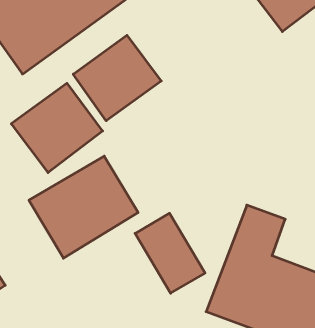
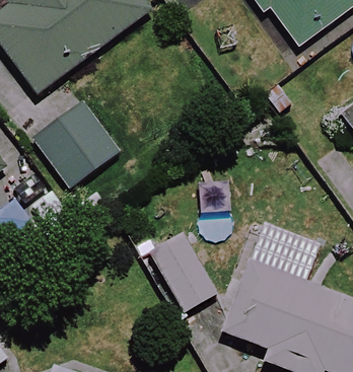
building: [73,35,161,121] -> none
building: [29,156,138,258] -> none

